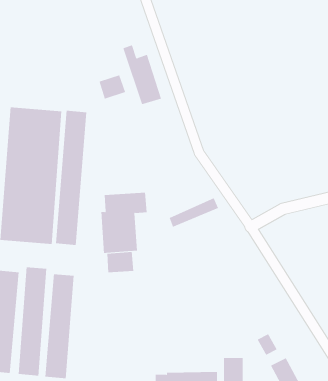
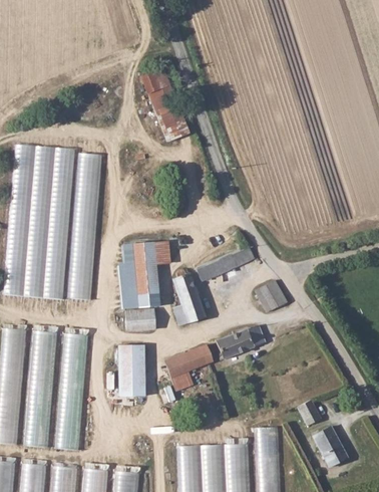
building: [99,74,126,100] -> none
building: none -> [171,269,204,325]
building: none -> [253,281,285,312]
building: none -> [215,325,262,359]
building: none -> [118,344,145,397]
building: none -> [162,345,212,391]

